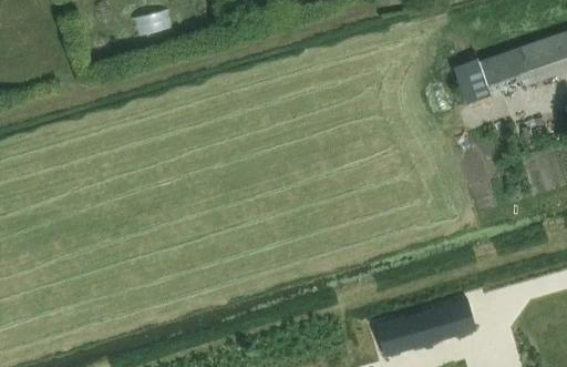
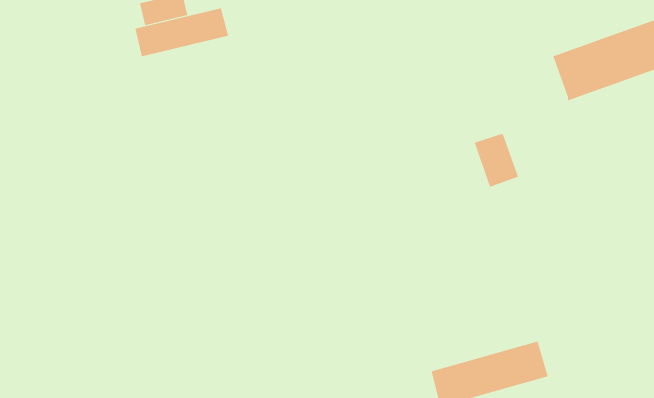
building: none -> [135,7,229,57]
building: [453,59,491,104] -> [474,133,519,188]

